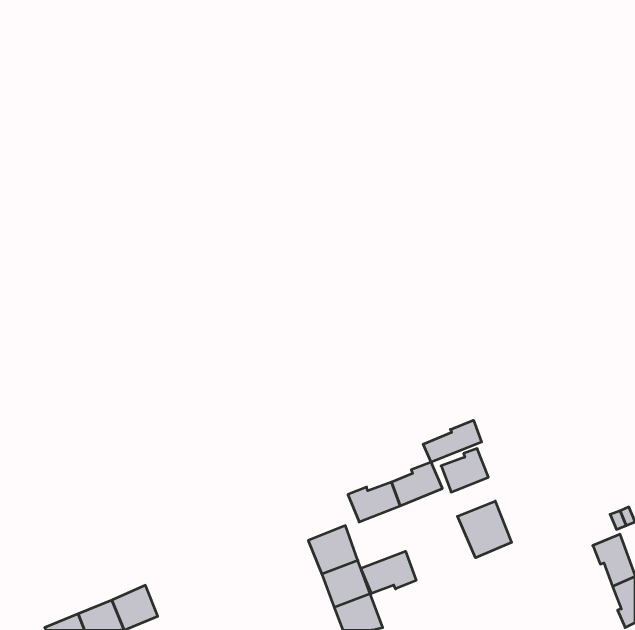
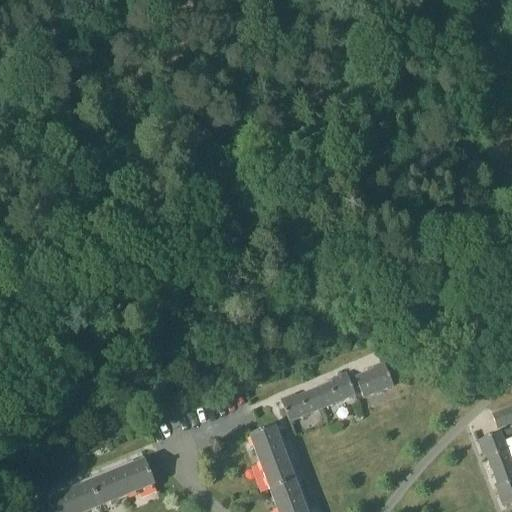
building: [423,420,482,462] -> none
building: [457,501,512,558] -> none
building: [361,551,416,594] -> none
building: none -> [117,460,154,496]

